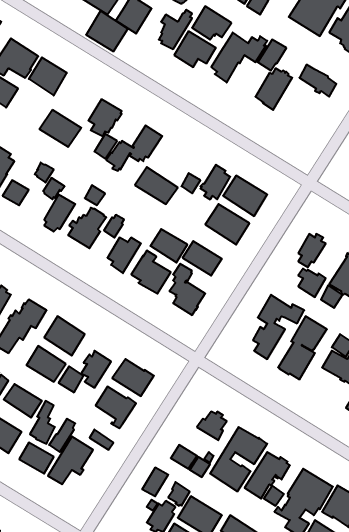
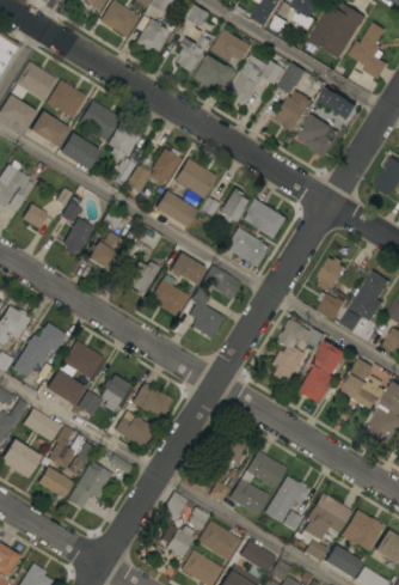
building: [86,11,128,51] -> [79,99,121,140]
building: none -> [30,111,69,147]
building: none -> [296,112,334,158]
building: none -> [174,158,217,199]

